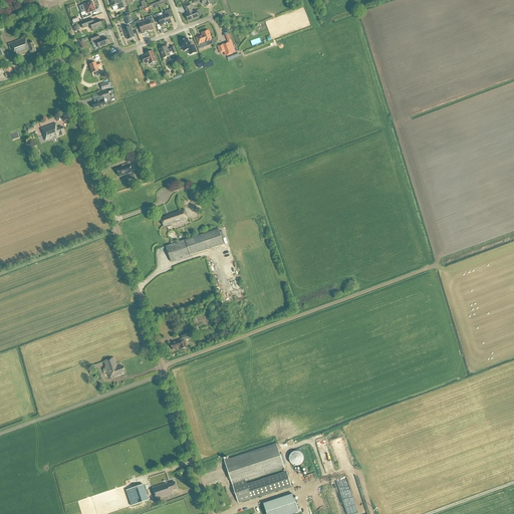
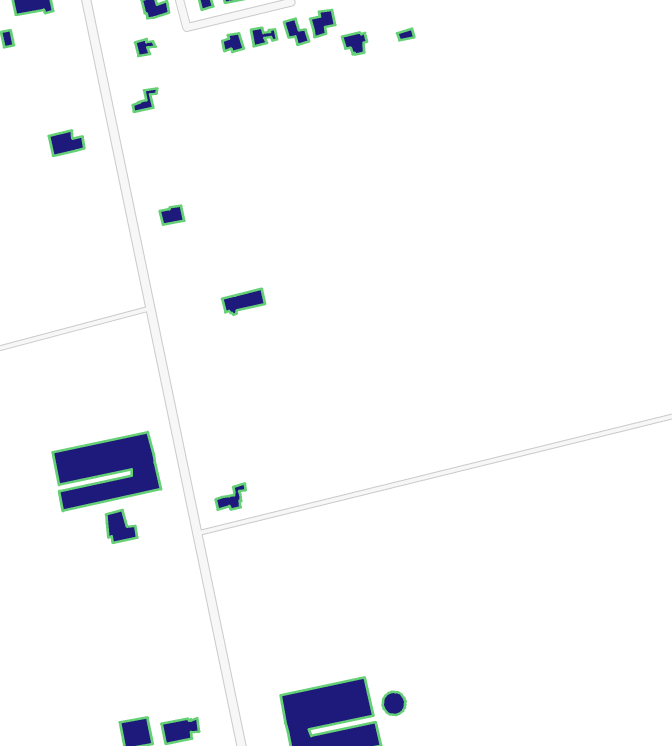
building: [166,228,224,261] -> none
building: none -> [53,432,161,511]

